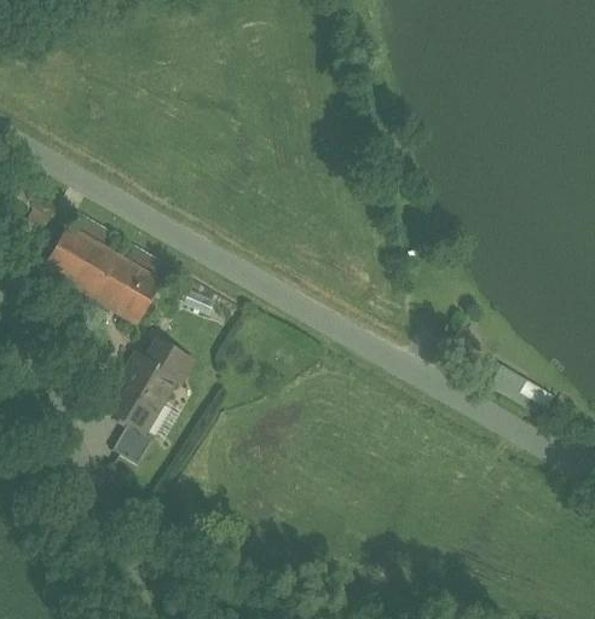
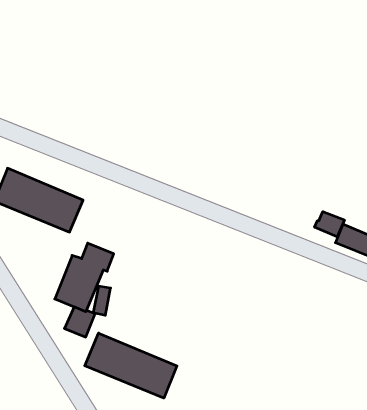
building: none -> [315,212,344,237]
building: none -> [85,333,177,398]

